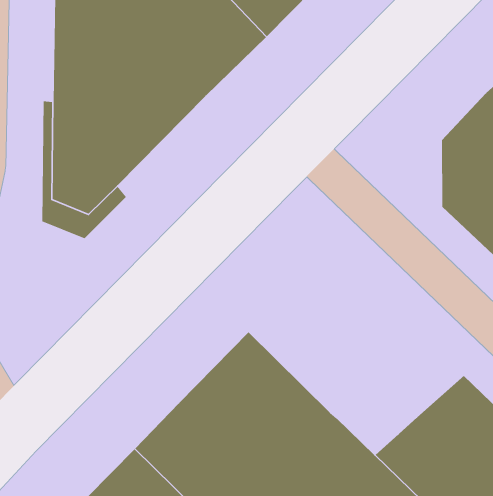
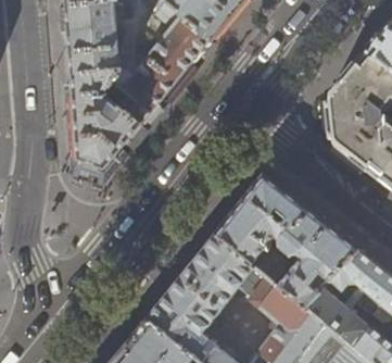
building: none -> [214,176,357,308]

